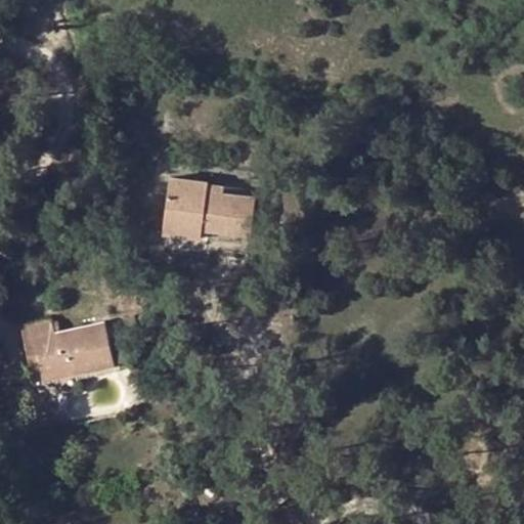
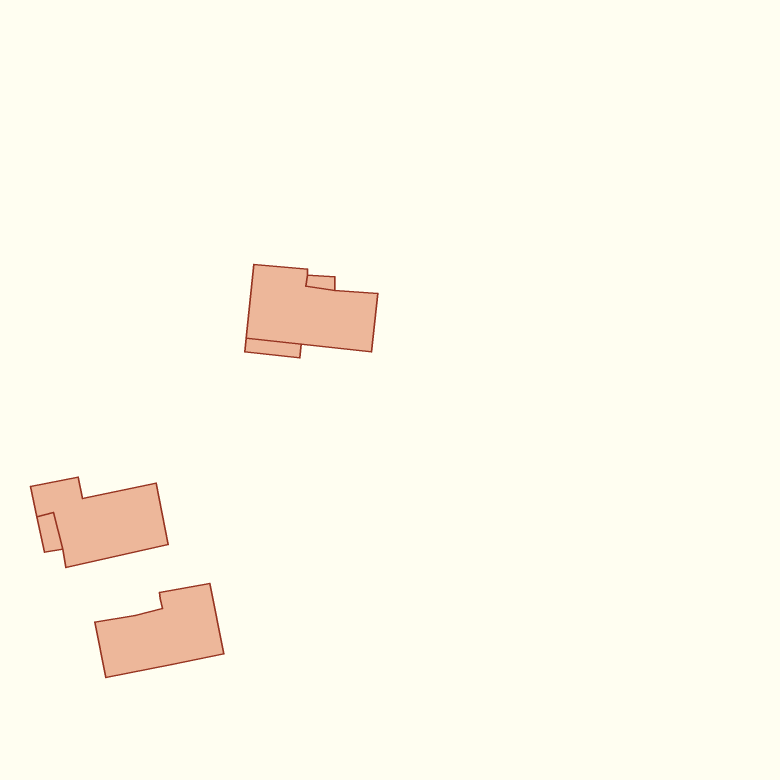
building: none -> [95,584,224,678]

